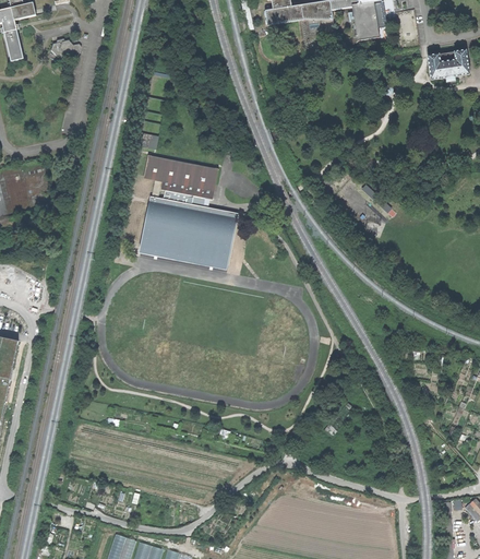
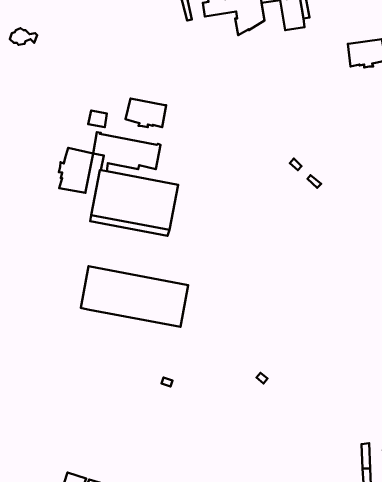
building: none -> [125,98,166,127]
building: none -> [59,148,93,193]
building: none -> [81,266,188,327]

